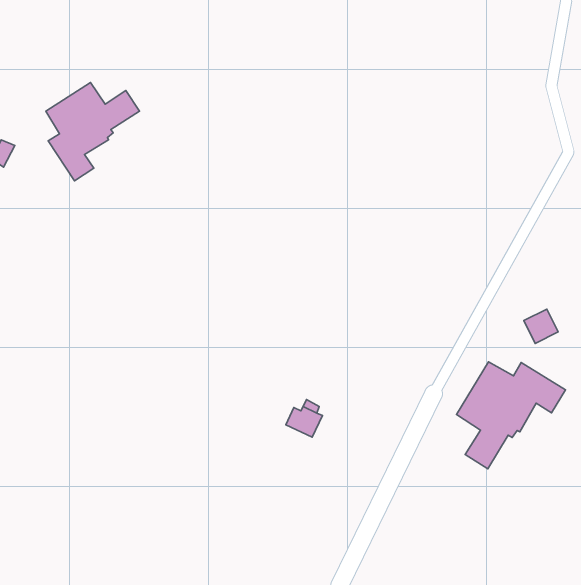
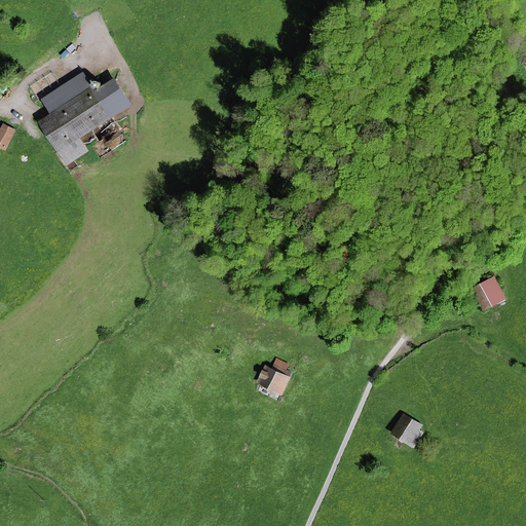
building: [456,362,566,469] -> none
building: none -> [390,415,420,446]

